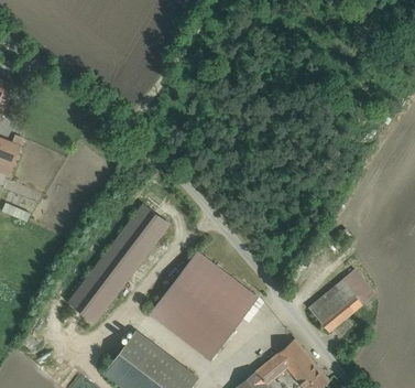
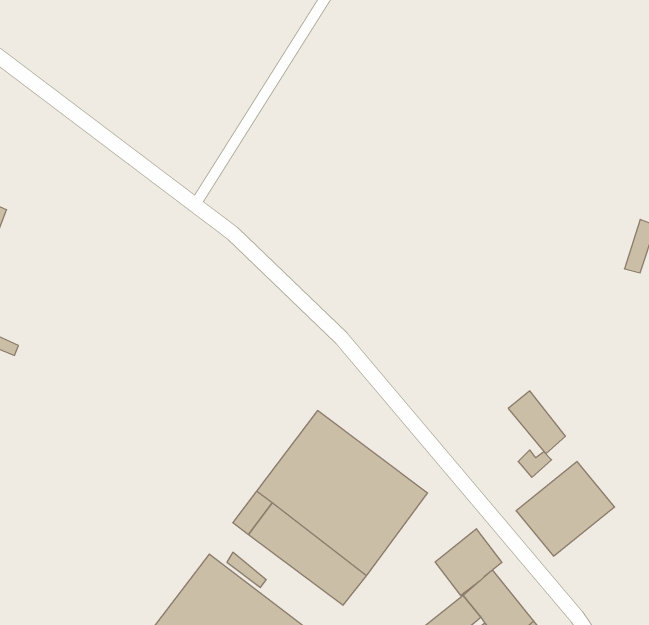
building: [68,201,167,325] -> none
building: [341,270,373,305] -> [508,391,565,454]
building: none -> [435,529,502,596]

